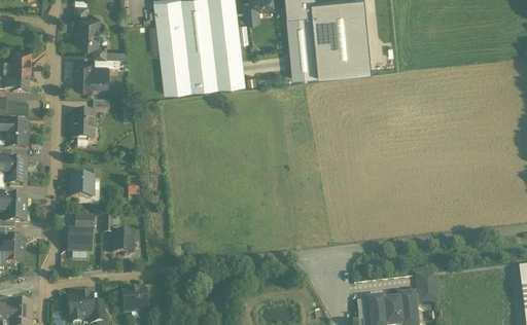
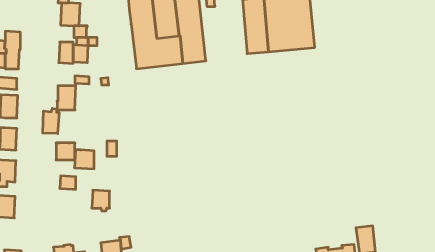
building: none -> [43,108,59,134]
building: [68,229,91,251] -> [74,150,94,169]

